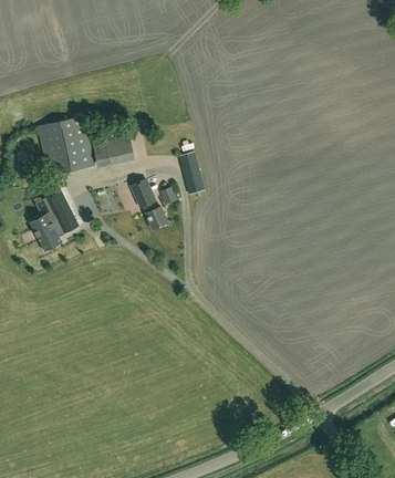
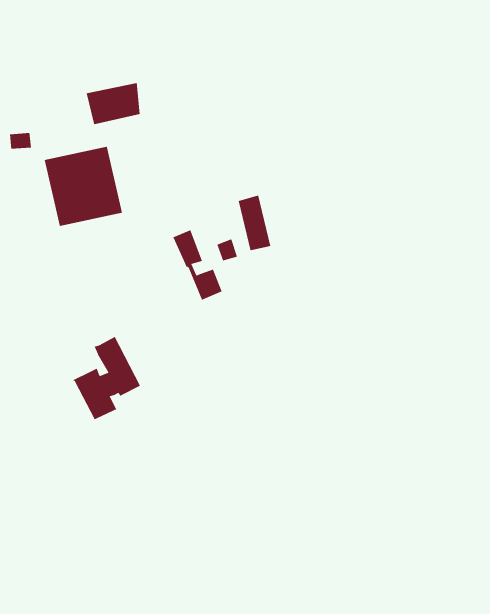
building: [92,134,132,165] -> [86,83,140,125]
building: [29,189,79,251] -> [73,336,141,421]

